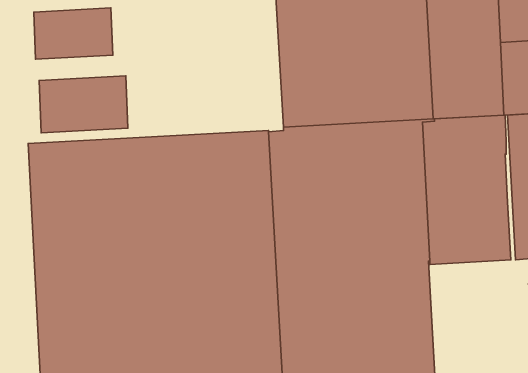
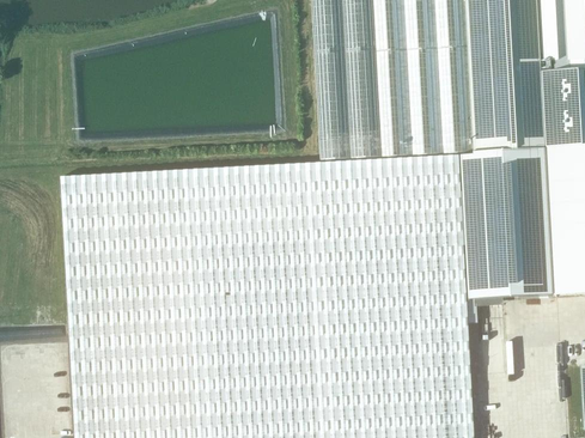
building: [34,8,113,59] -> none
building: [39,76,128,133] -> none

